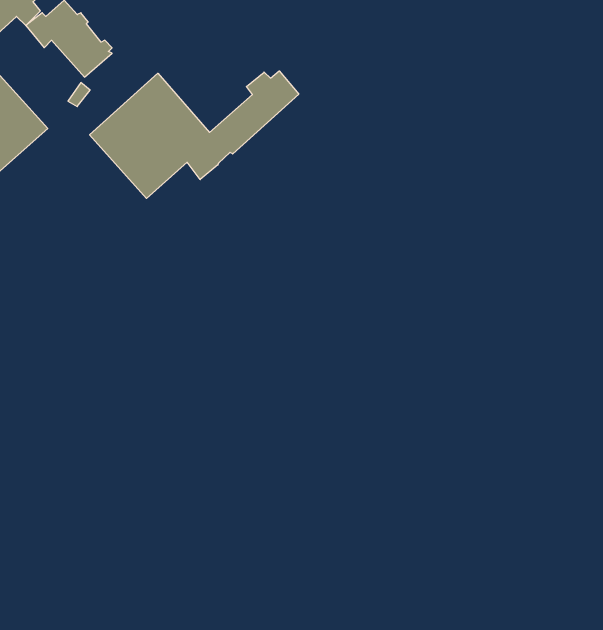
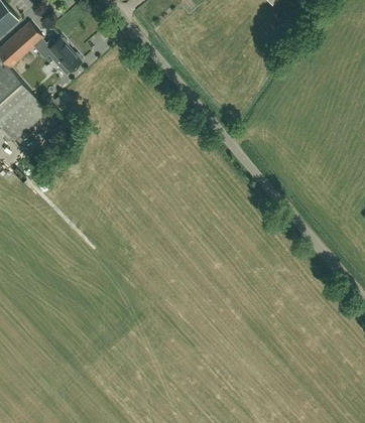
building: [90,71,299,198] -> none

